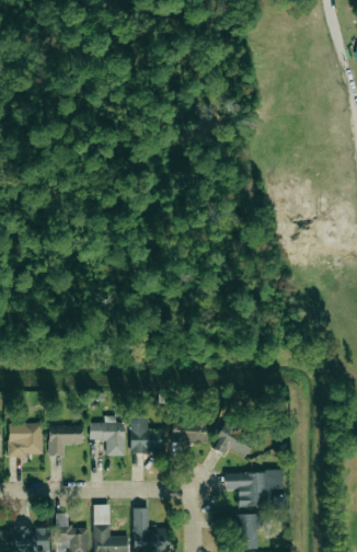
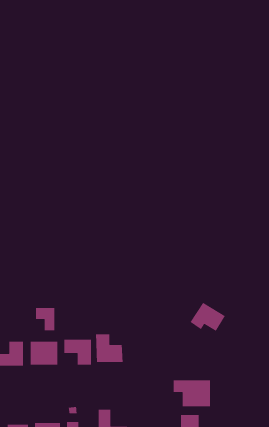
building: none -> [35,307,55,331]
building: [172,418,206,444] -> none
building: [210,421,255,458] -> [190,302,226,332]

